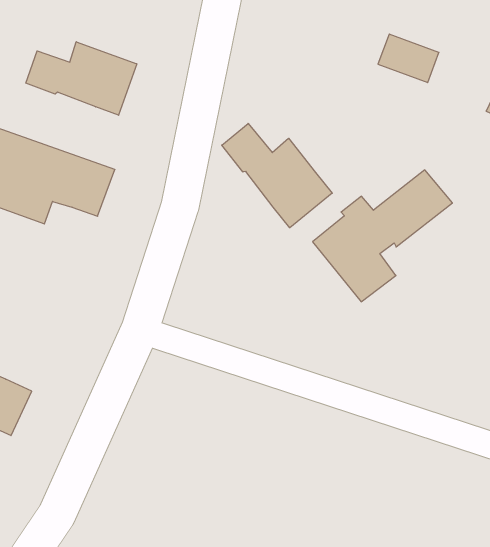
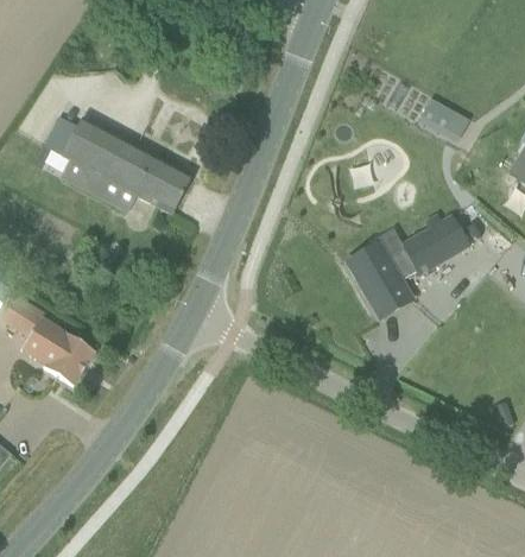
building: [26,42,137,115] -> none
building: [222,123,332,228] -> none

